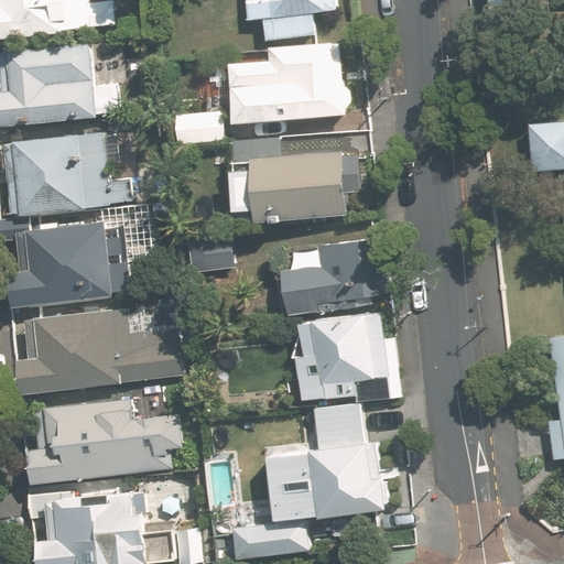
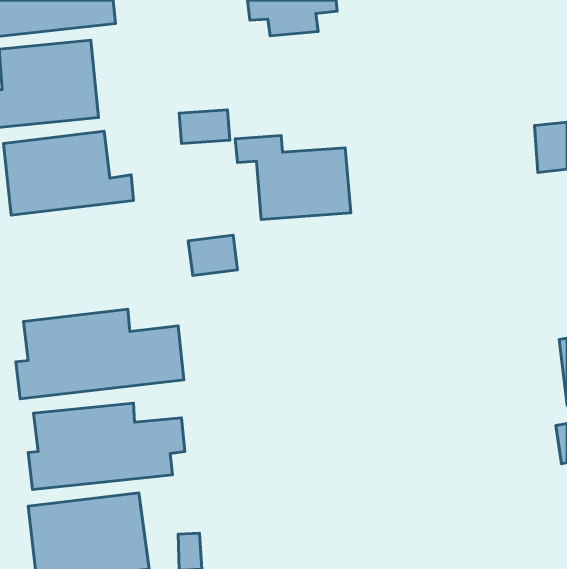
building: [228,43,346,124] -> none
building: [8,221,113,307] -> none
building: [281,239,384,315] -> none
building: [295,313,399,400] -> none
building: [231,406,384,557] -> none

